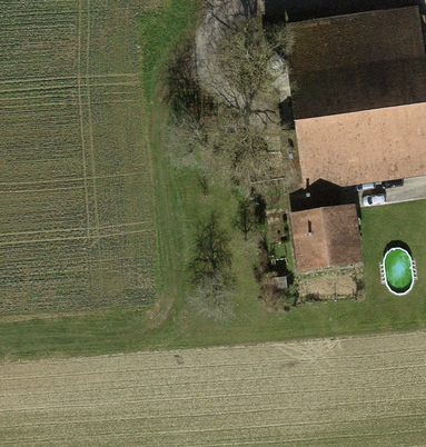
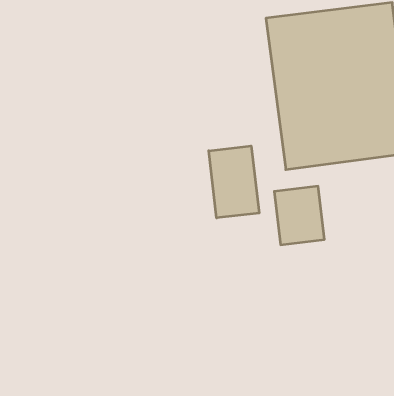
building: none -> [209,146,259,218]

